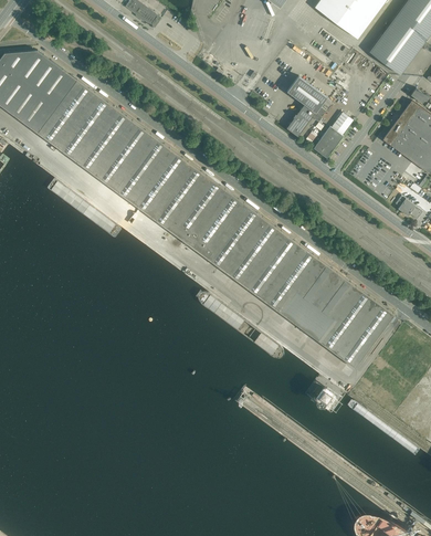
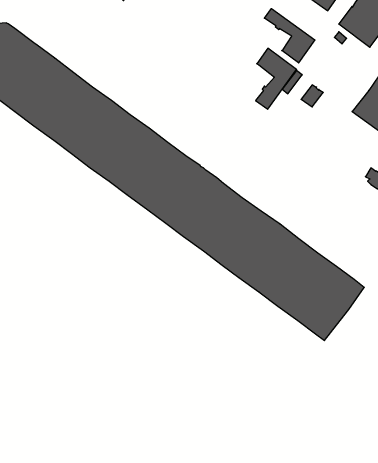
building: none -> [264,9,315,63]
building: [313,126,343,158] -> none

